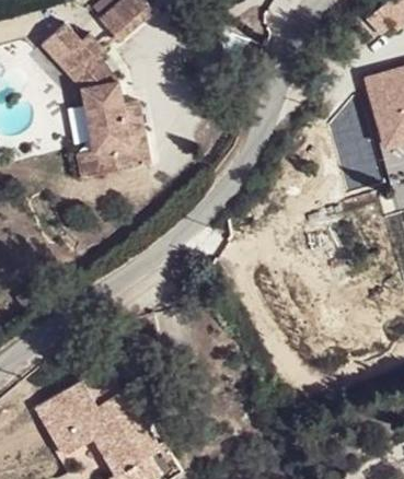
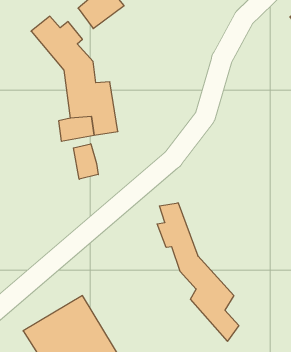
building: none -> [73,144,98,179]
building: none -> [157,203,239,341]

